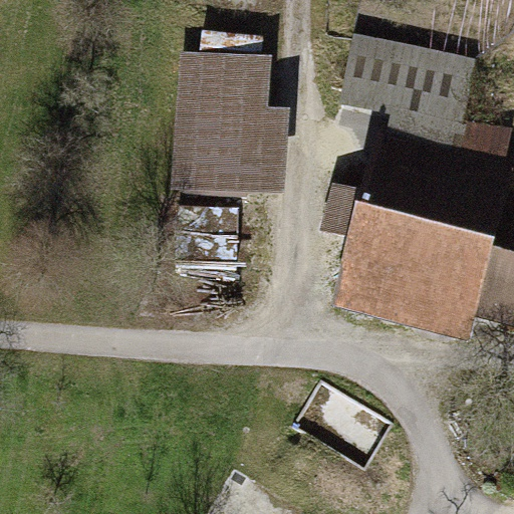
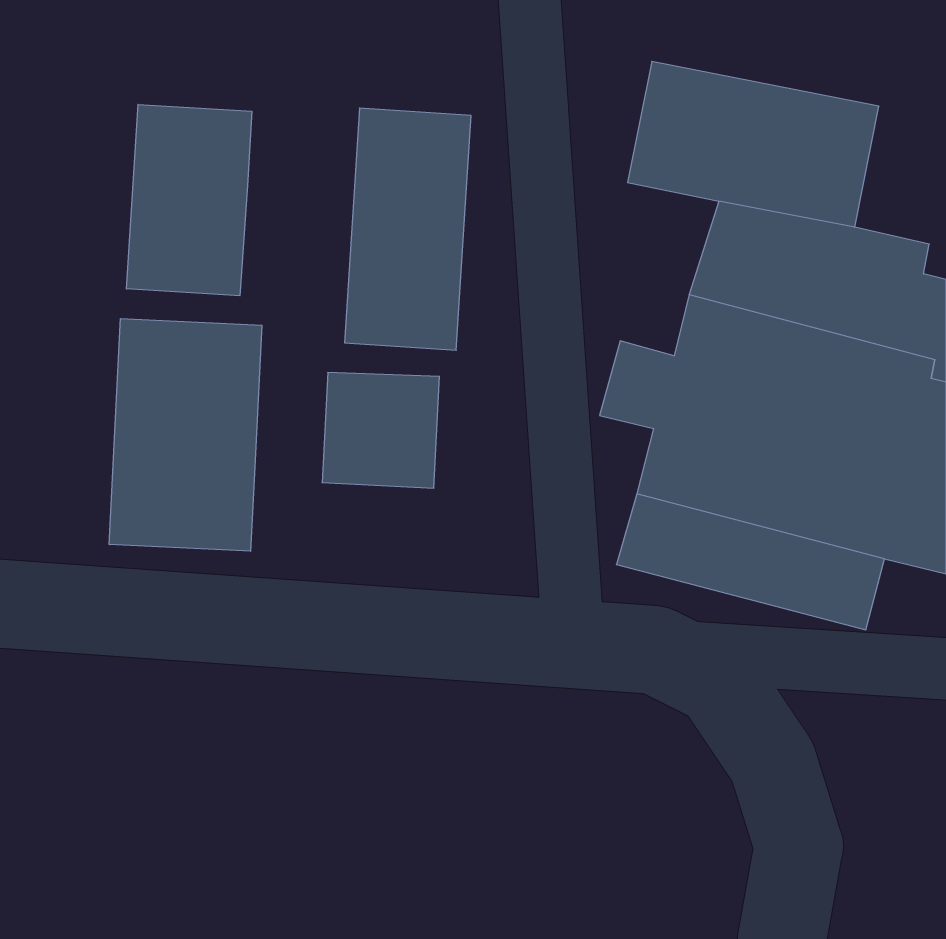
building: none -> [126,104,252,296]
building: [246,109,291,191] -> none
building: none -> [109,319,262,551]

